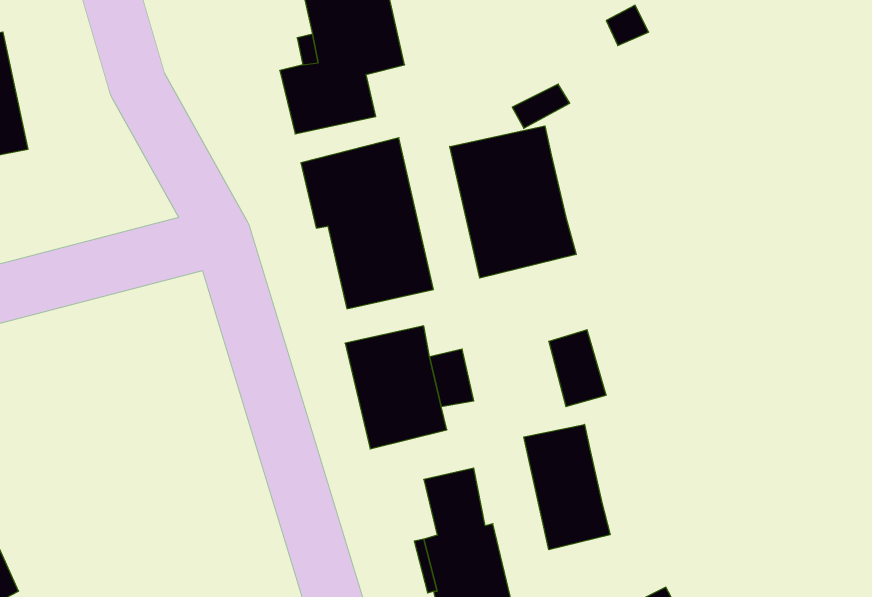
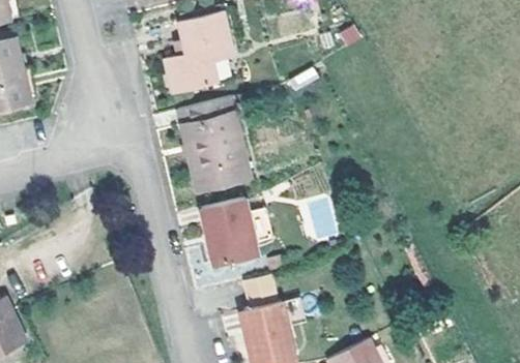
building: [450,126,576,278] -> none
building: [524,424,610,550] -> none

